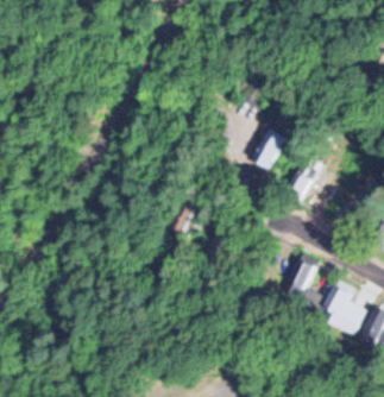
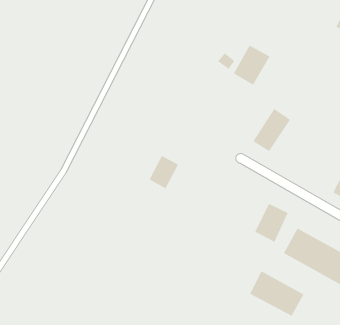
building: [246,126,288,171] -> [233,45,271,85]
building: none -> [249,271,304,316]

